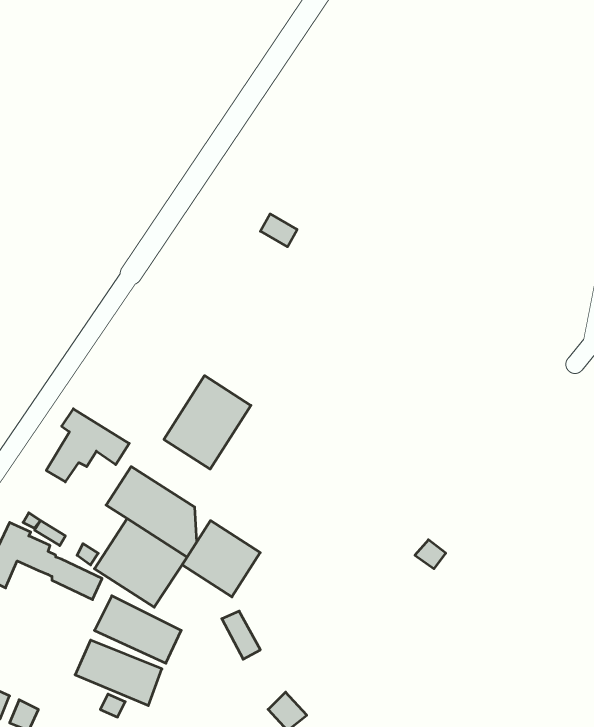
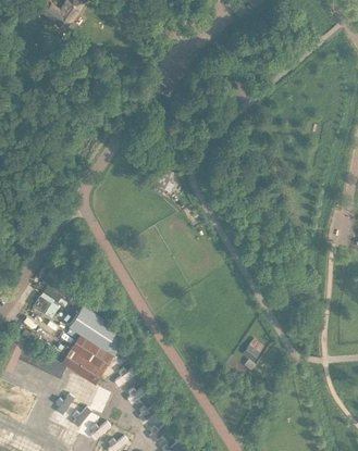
building: [164,376,251,469] -> none
building: [182,521,260,597] -> none

